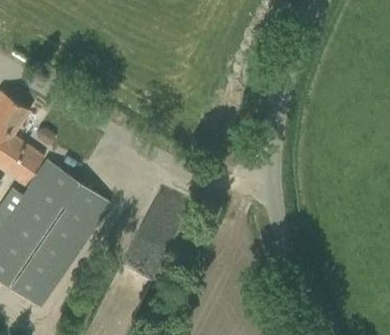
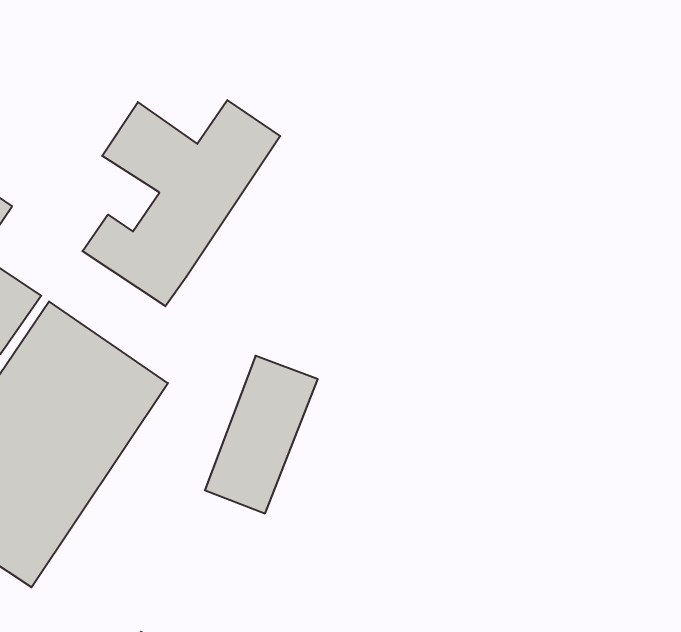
building: none -> [82,100,280,306]

